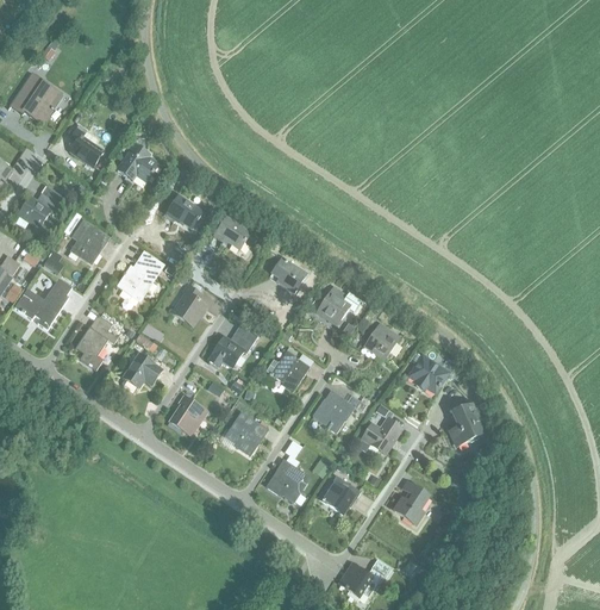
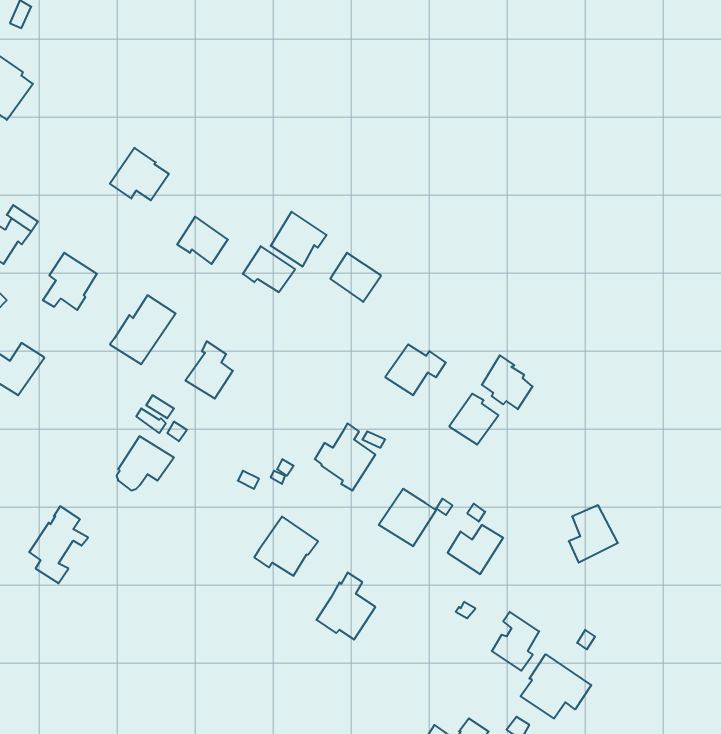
building: [70,124,104,166] -> none
building: none -> [271,212,327,267]
building: [270,256,307,292] -> [330,253,381,302]
building: [75,313,118,369] -> [29,506,88,583]
building: [208,323,257,367] -> none
building: [408,354,445,393] -> [482,355,533,409]
building: [169,396,207,435] -> none
building: [318,474,360,512] -> none
building: none -> [521,654,591,719]

